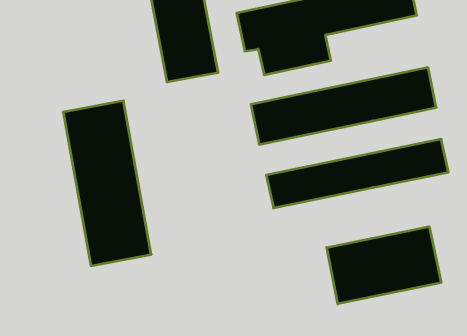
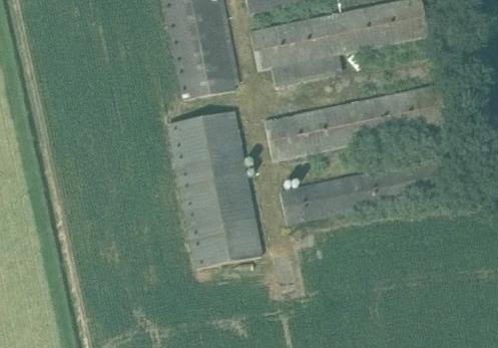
building: [63,101,151,266] -> [170,110,257,272]
building: [327,227,441,304] -> none

